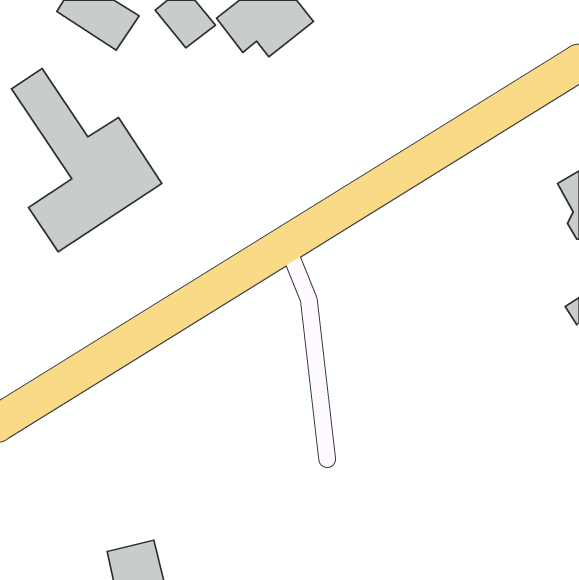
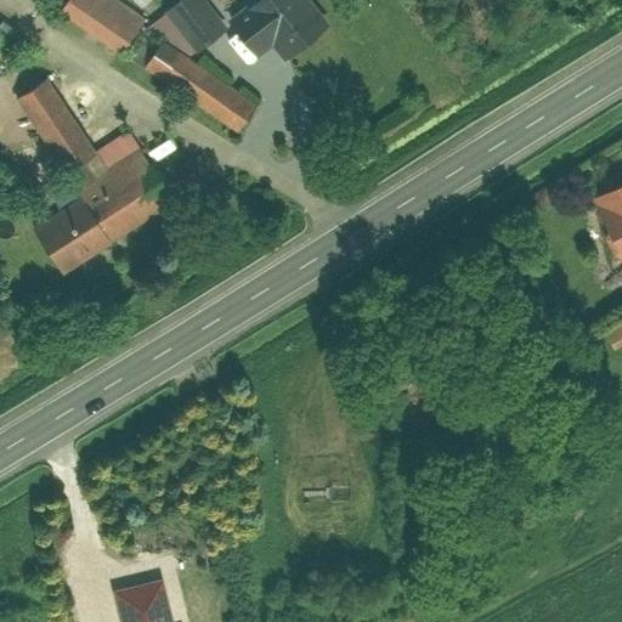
building: none -> [145,40,258,134]

